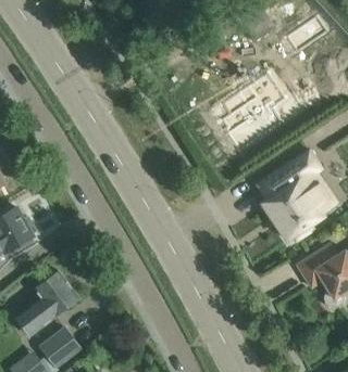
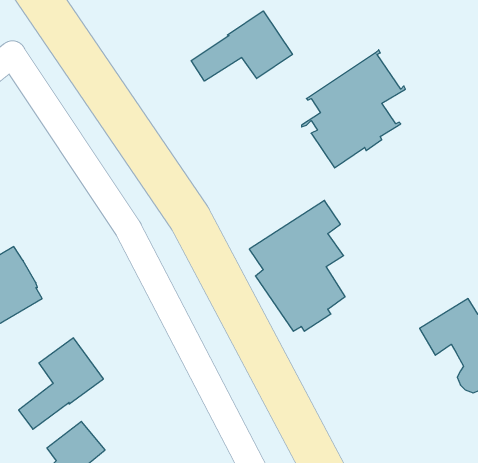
building: none -> [191,11,292,81]
building: [257,151,323,241] -> [249,200,345,331]

